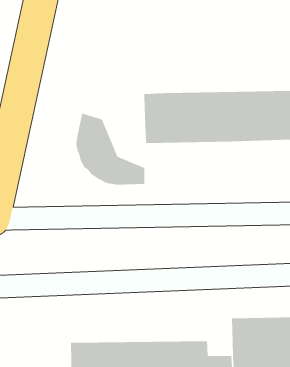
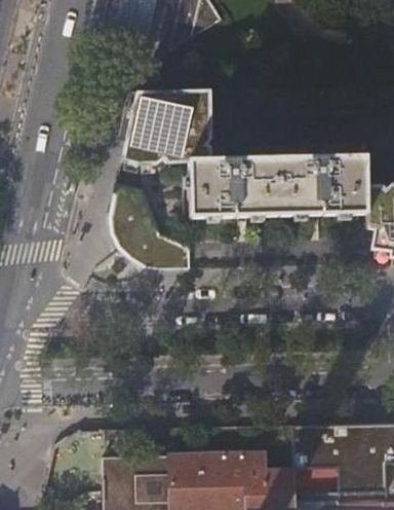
building: none -> [121,89,213,167]

